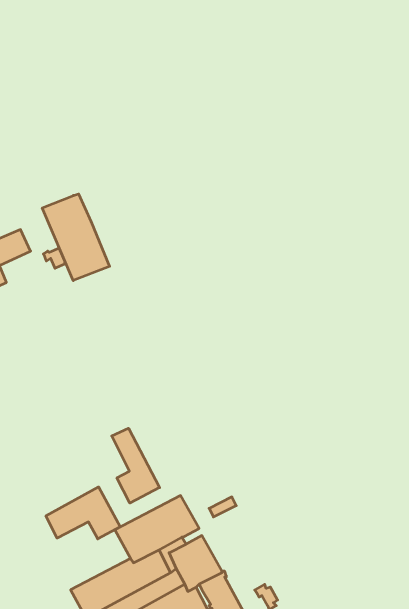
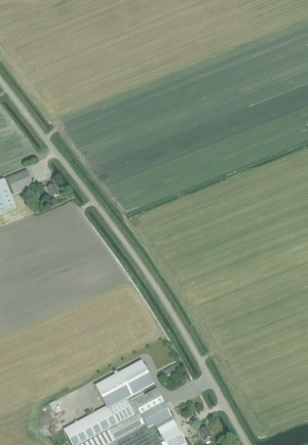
building: [42,194,110,281] -> none
building: [112,428,160,503] -> none
building: [46,487,120,539] -> none

